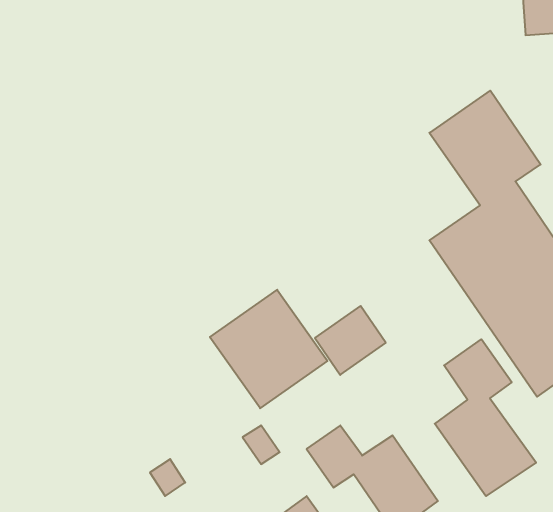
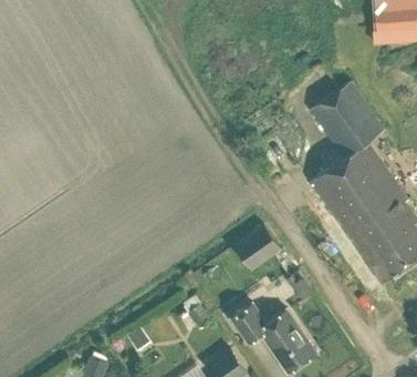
building: [210,290,327,408] -> none
building: [435,339,536,496] -> none

